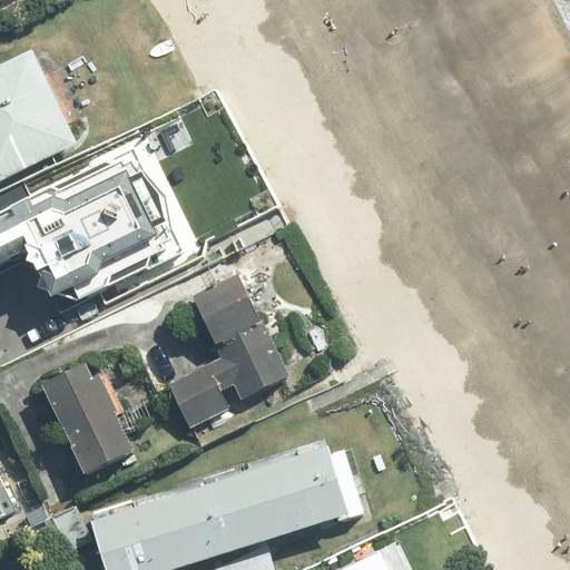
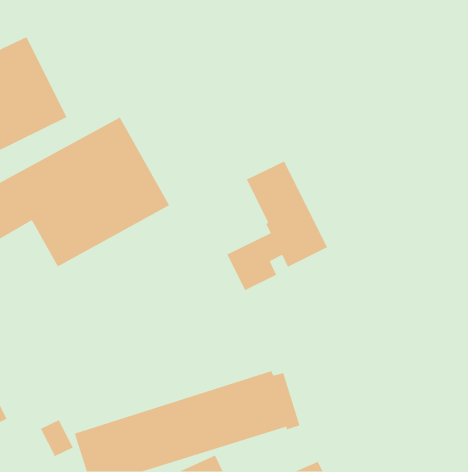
building: [165,269,287,426] -> [226,161,328,291]
building: [39,363,132,473] -> none

